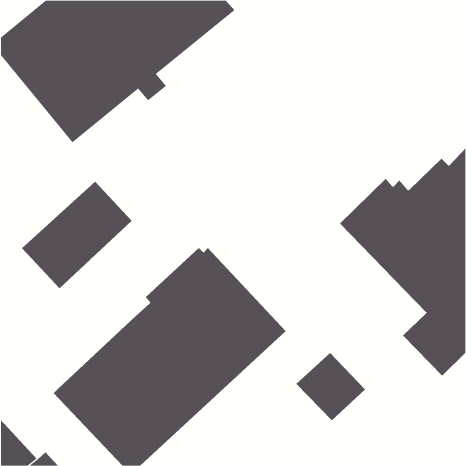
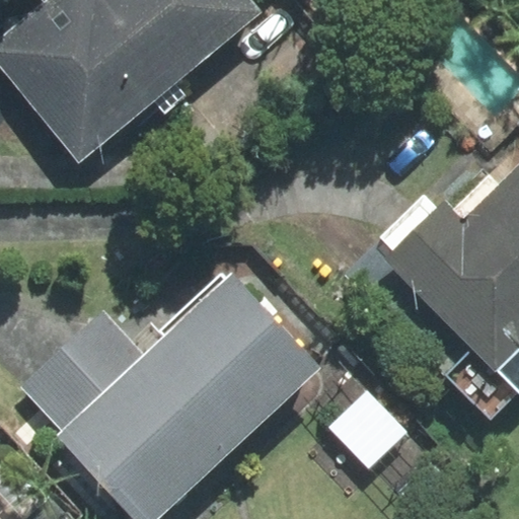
building: [21,181,133,289] -> [21,311,145,432]

